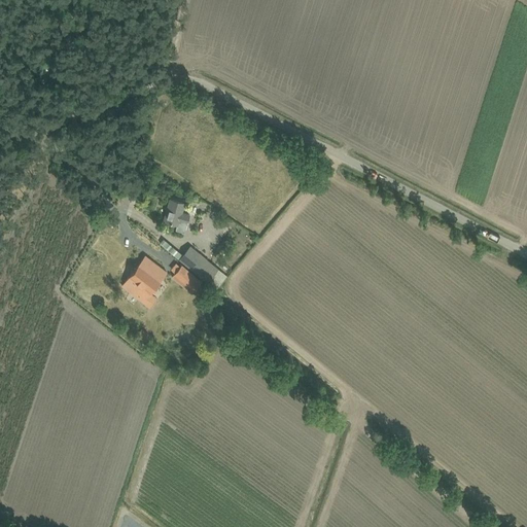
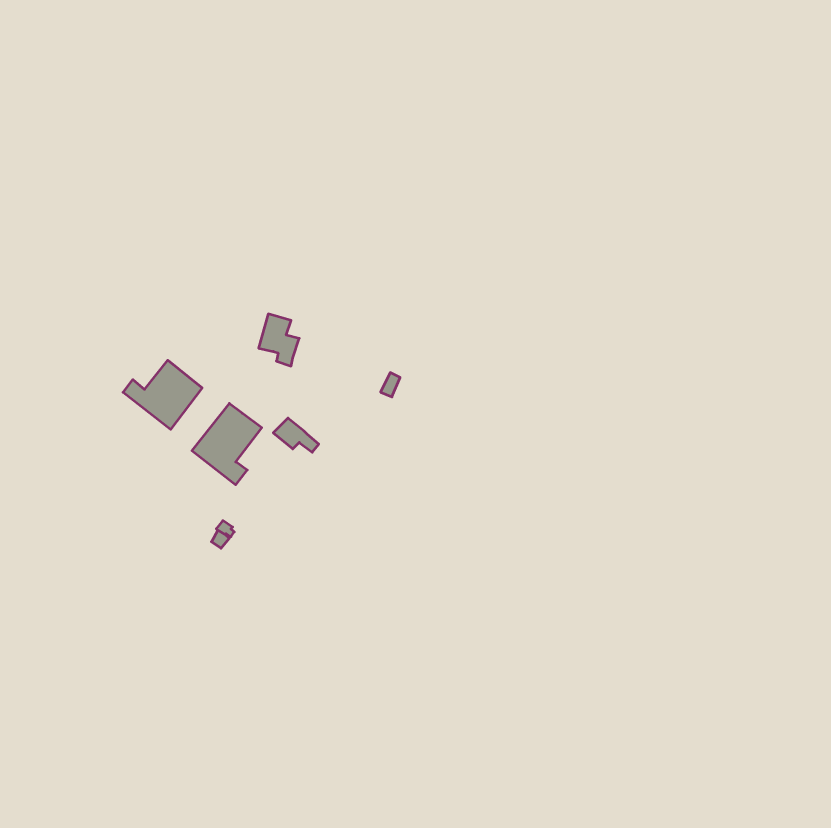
building: none -> [123,360,202,429]
building: [179,247,218,283] -> none

